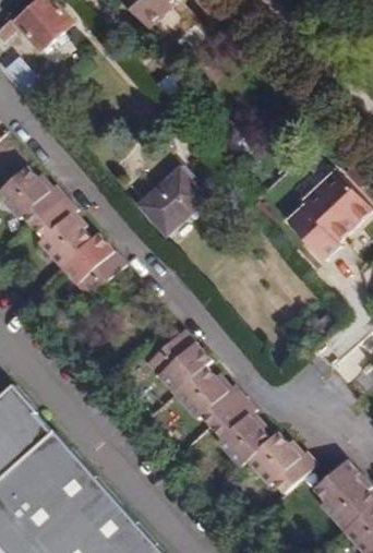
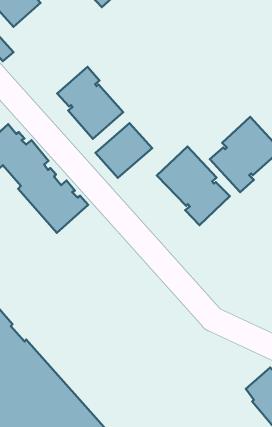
building: none -> [57,67,123,139]
building: none -> [157,147,230,225]
building: [149,333,318,496] -> none

